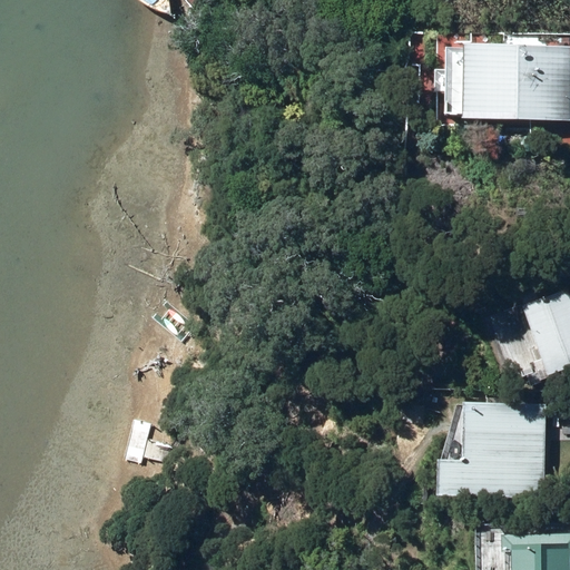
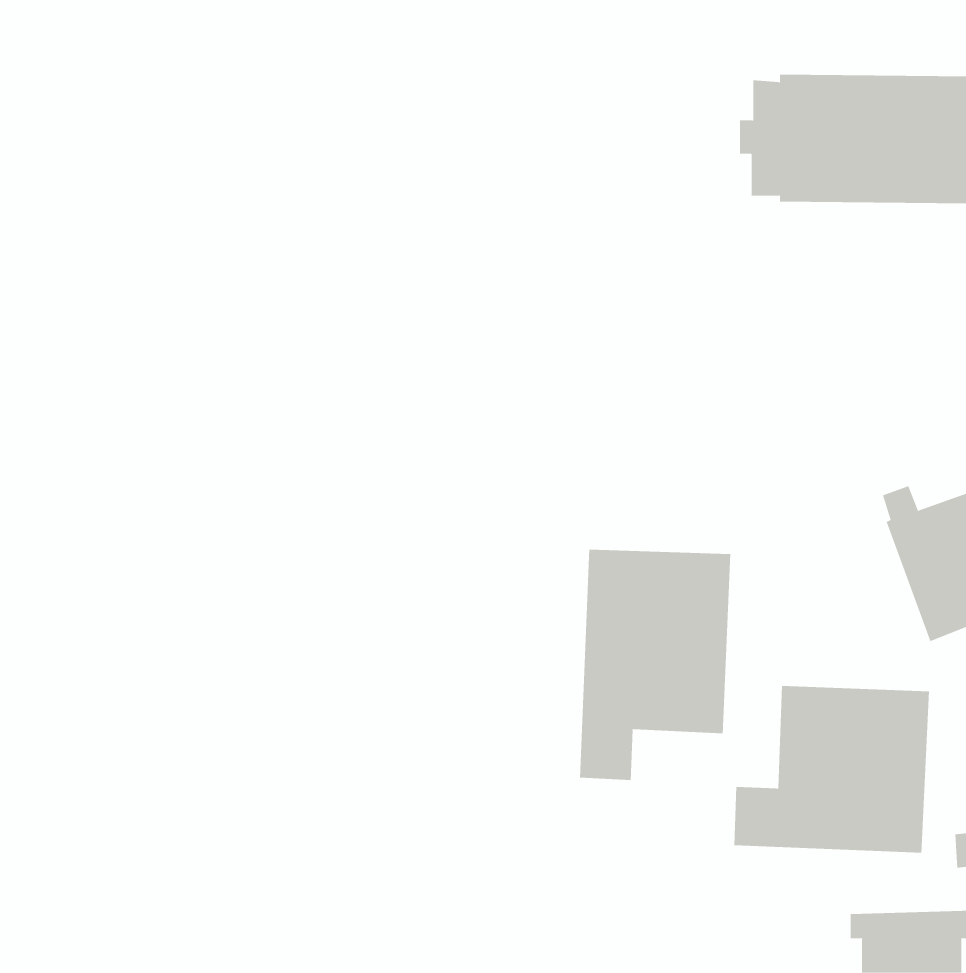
building: none -> [580,549,731,781]

